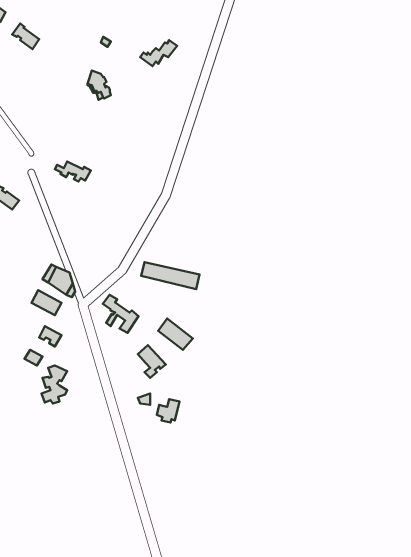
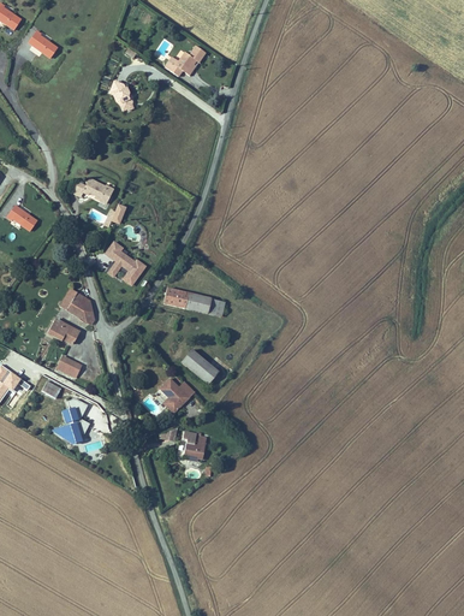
building: [103,295,139,333] -> [107,244,145,285]

